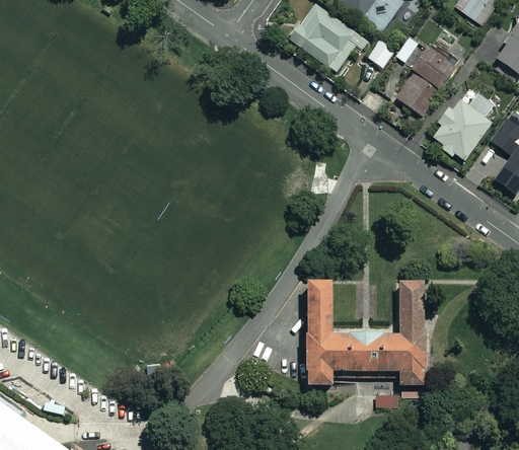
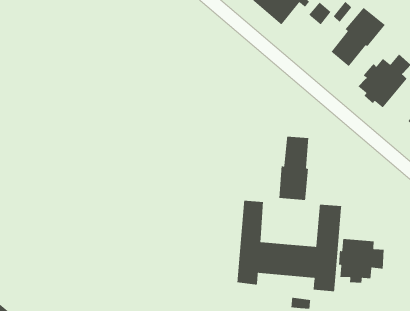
building: none -> [279,136,309,201]
building: none -> [338,238,385,284]

